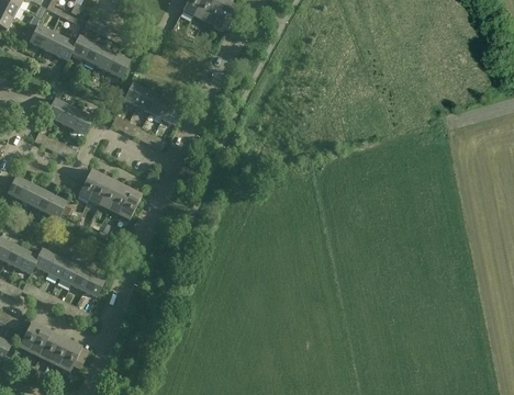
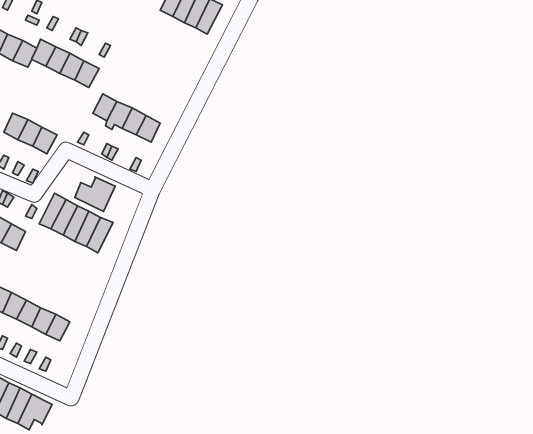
building: none -> [75,177,115,211]

